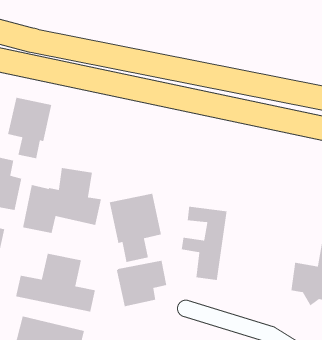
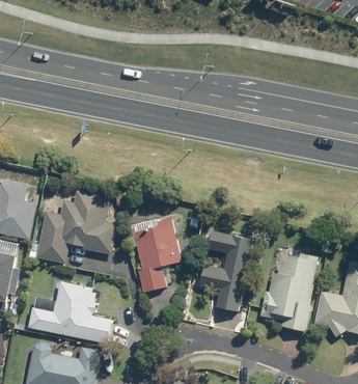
building: [7,97,52,159] -> none
building: none -> [260,254,318,332]
building: [116,260,167,307] -> none

